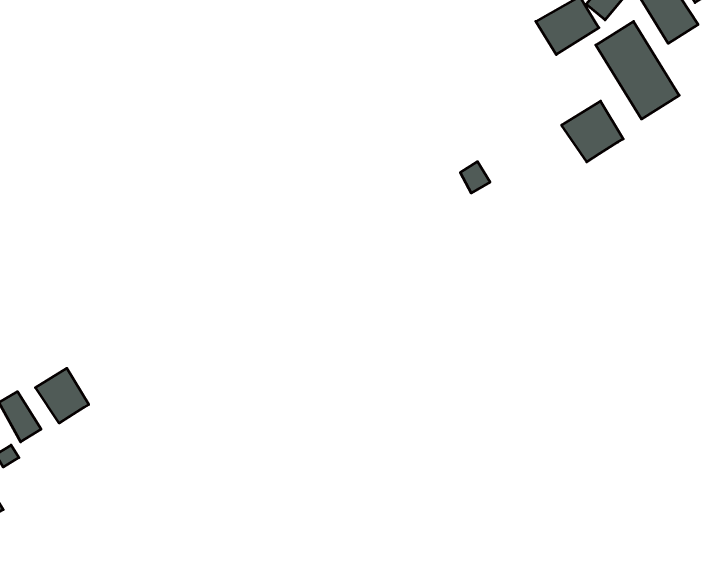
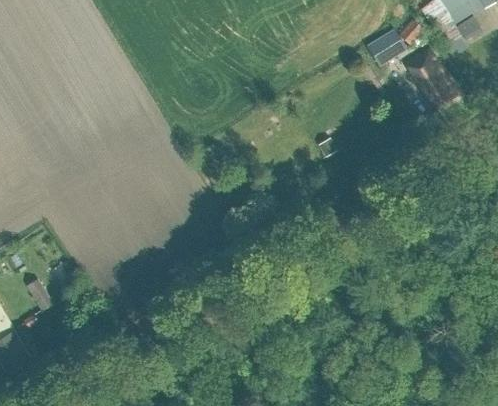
building: [562,101,623,162] -> none
building: [35,368,89,423] -> none

